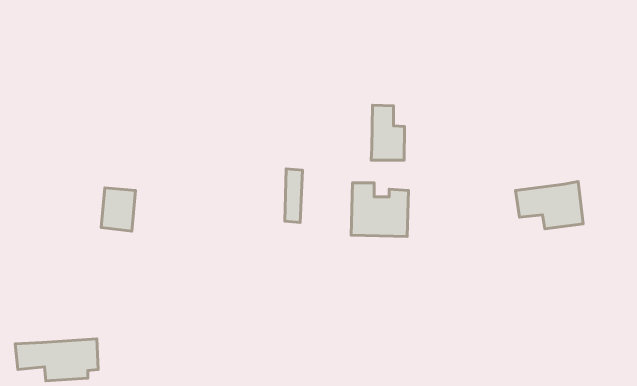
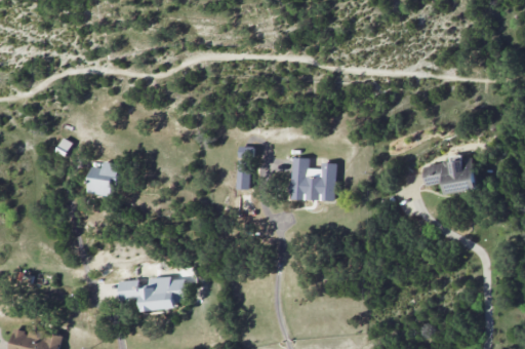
building: [371,105,405,160] -> none
building: [15,339,98,381] -> [117,277,184,311]

